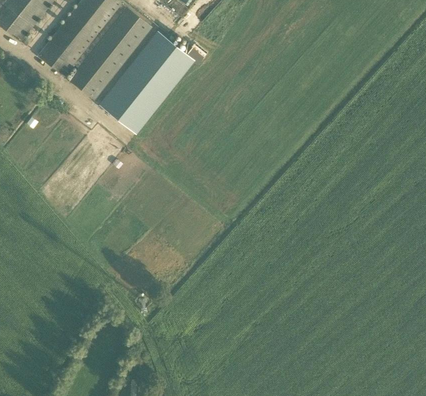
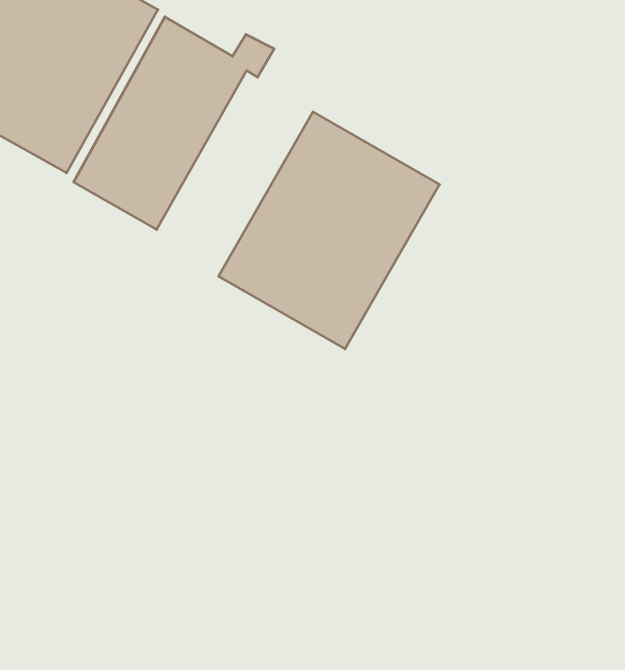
building: none -> [219,112,440,349]

